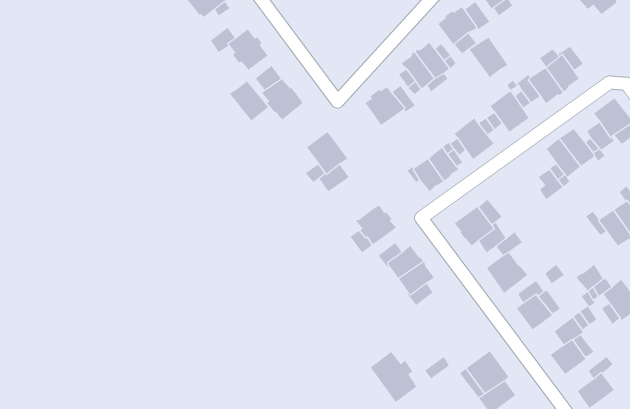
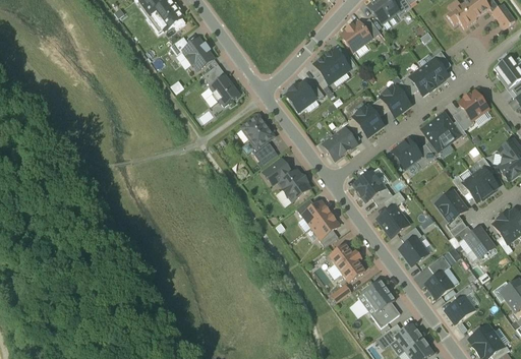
building: [469,37,508,78] -> none
building: [229,80,269,122] -> none
building: none -> [392,138,421,168]
building: none -> [264,159,291,184]
building: none -> [437,190,467,222]
building: [370,351,417,403] -> [329,243,364,282]

